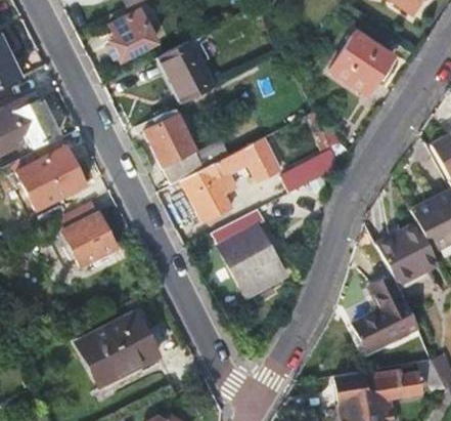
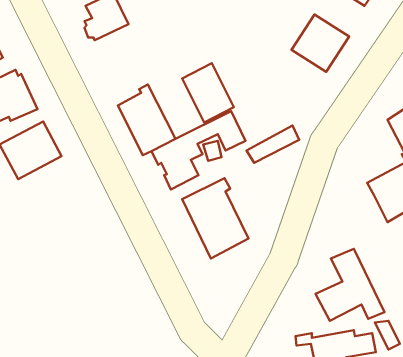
building: [159,41,214,104] -> [182,63,234,123]
building: [62,211,118,265] -> none
building: [379,225,438,285] -> none
building: [79,312,159,383] -> none

